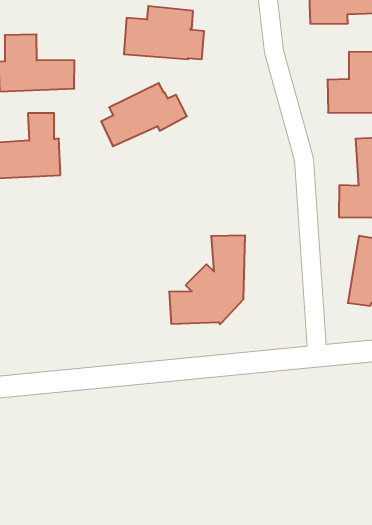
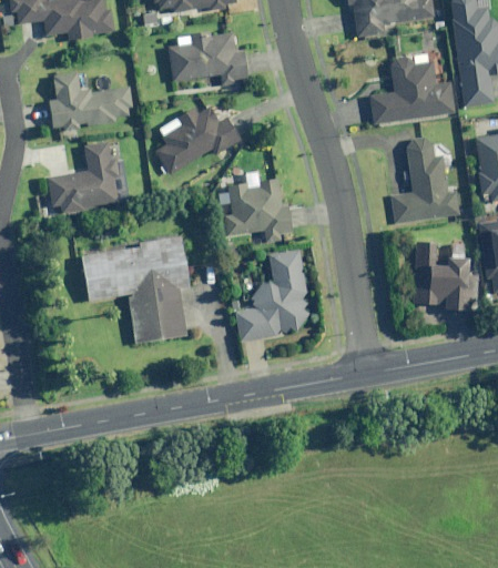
building: none -> [223,181,289,243]
building: none -> [80,239,190,342]

